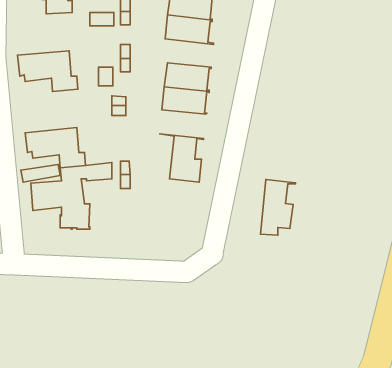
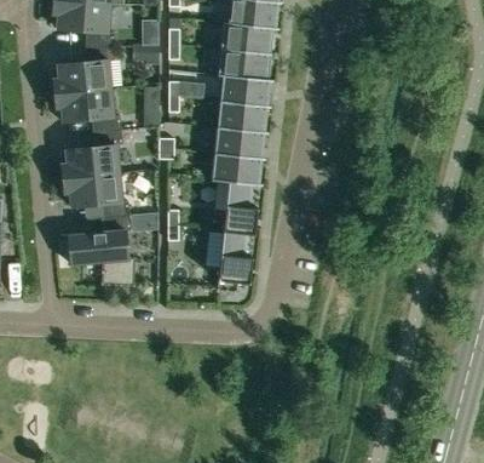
building: none -> [52,45,115,92]
building: none -> [218,74,271,105]
building: none -> [60,130,122,178]
building: none -> [212,153,263,184]
building: [260,179,295,235] -> [217,229,255,291]

